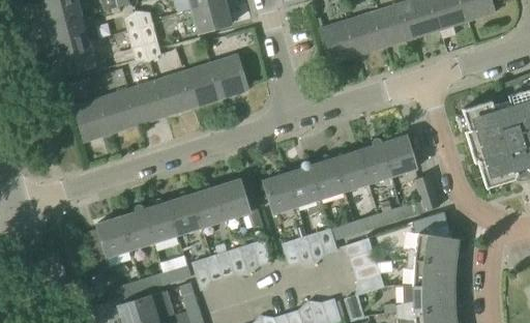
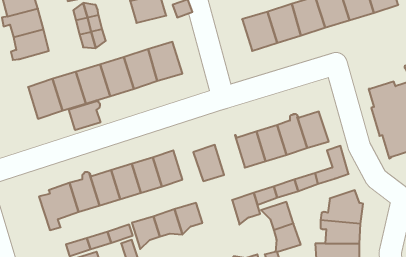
building: none -> [69,100,100,130]
building: [288,159,322,206] -> none
building: [283,235,316,265] -> none

